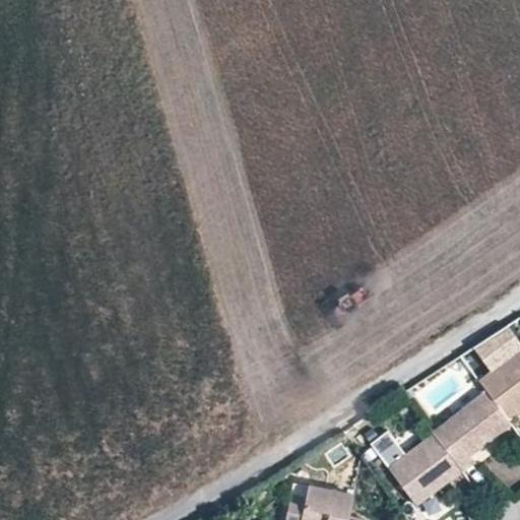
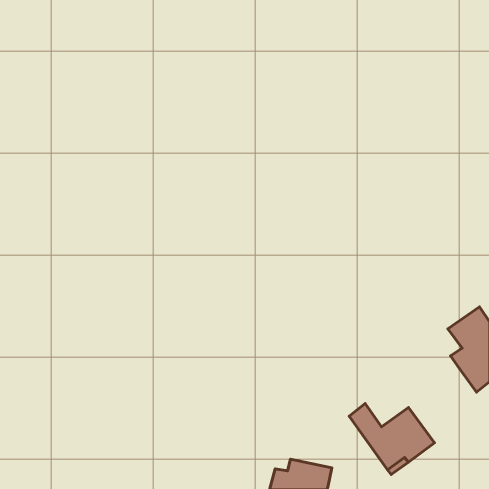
building: [433,391,512,470] -> none

